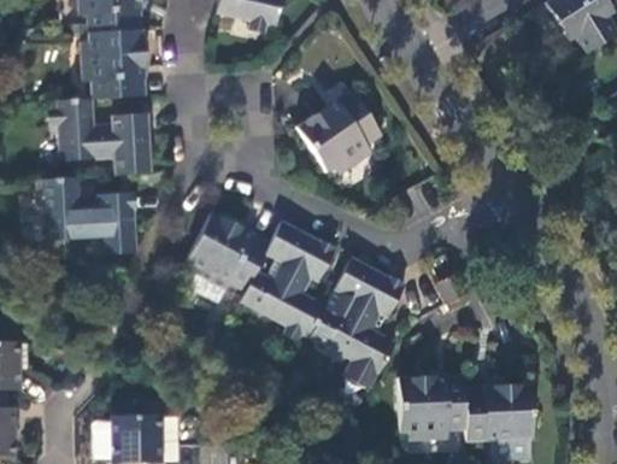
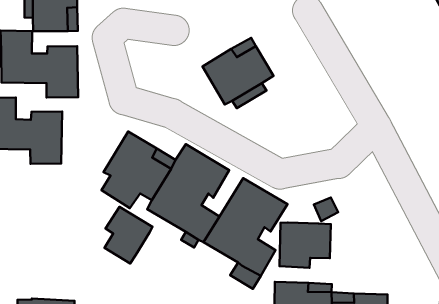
building: none -> [104,207,152,264]
building: none -> [280,222,331,268]

